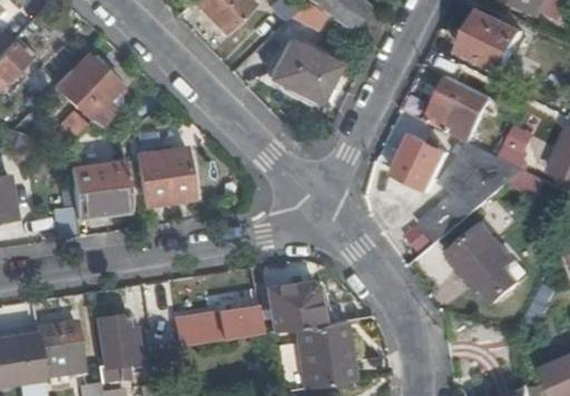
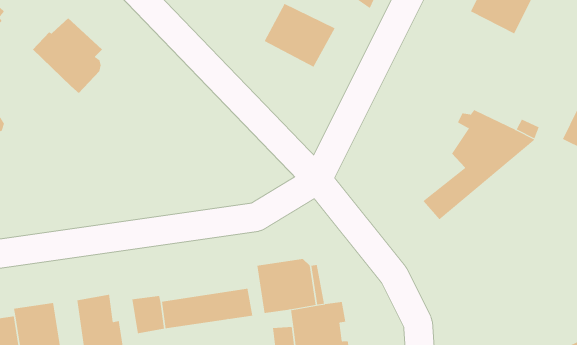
building: [428,73,492,141] -> none
building: [394,137,445,190] -> none
building: [137,146,191,204] -> none
building: [69,161,129,217] -> none
building: [450,226,521,304] -> none

